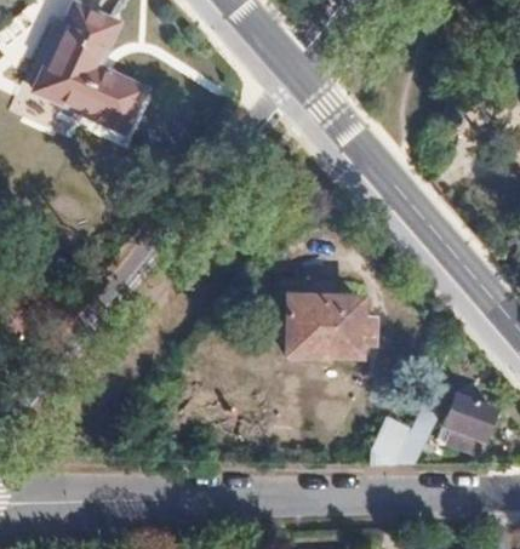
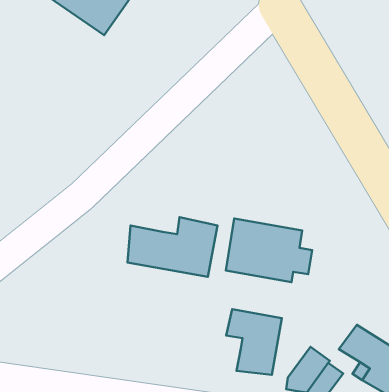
building: none -> [127,217,217,277]
building: none -> [226,309,282,375]

